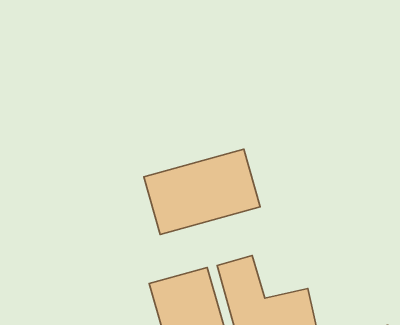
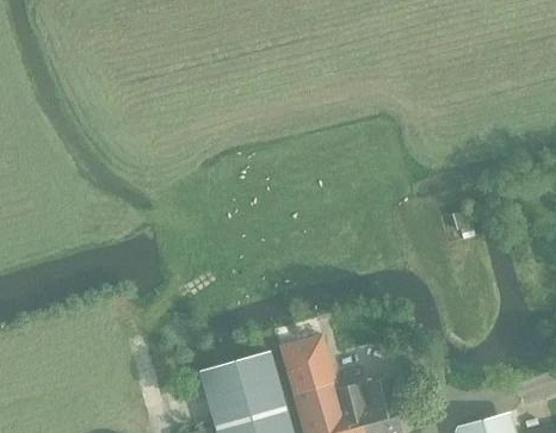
building: [144,149,260,234] -> none

